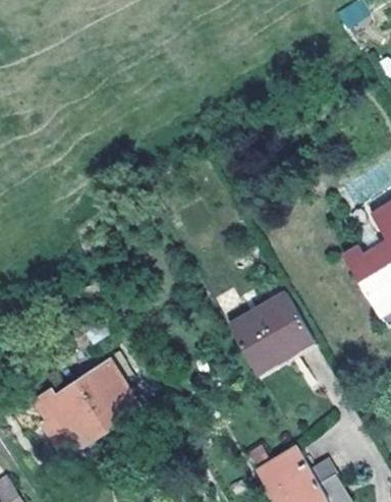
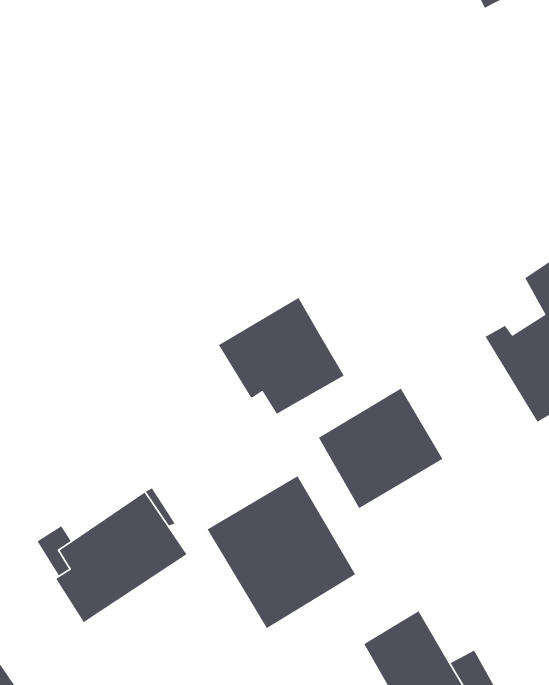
building: none -> [218,297,345,415]
building: none -> [206,475,356,629]

